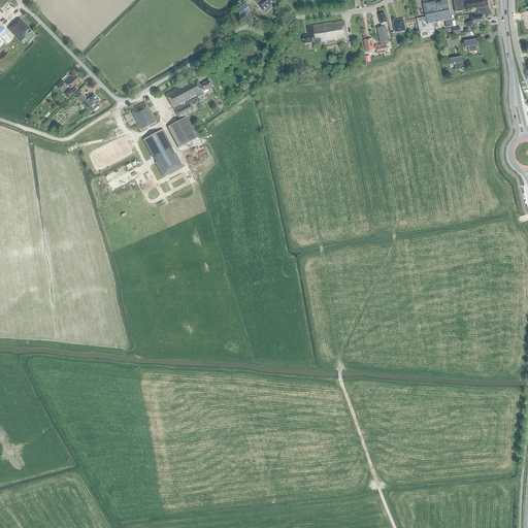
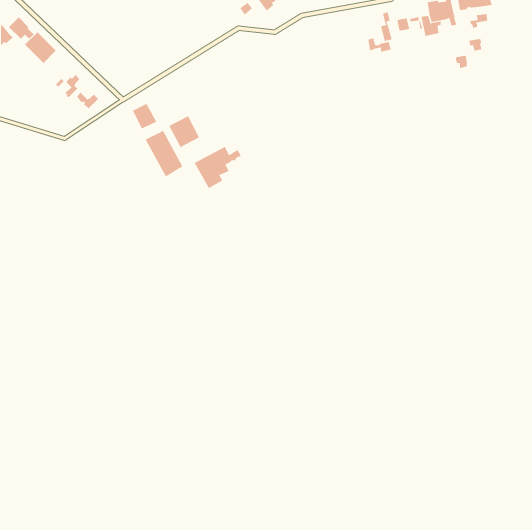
building: [302,19,348,43] -> none
building: none -> [24,31,57,64]
building: [165,75,212,118] -> [194,146,242,189]

